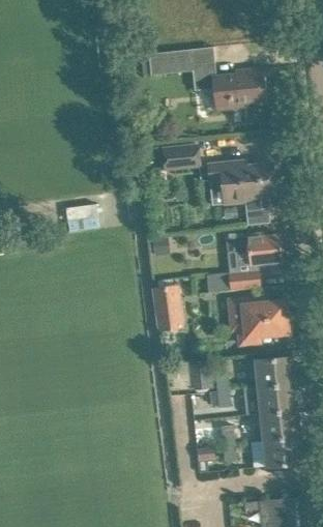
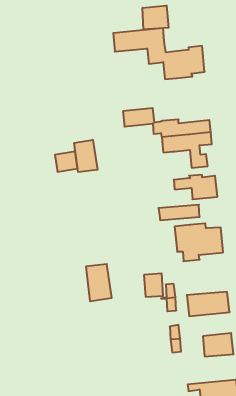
building: none -> [143,5,169,30]
building: none -> [74,140,98,172]
building: [151,286,184,333] -> [86,264,112,301]
building: [255,357,294,387] -> none
building: [260,410,299,441] -> none

